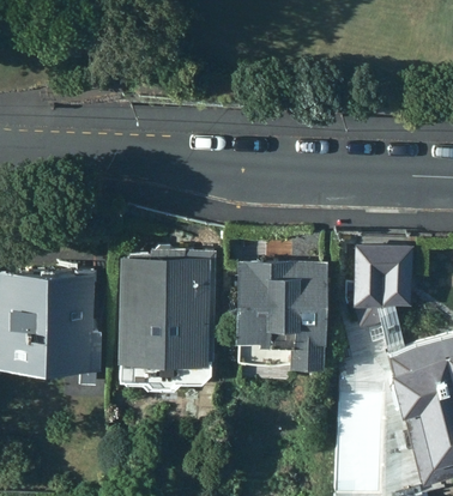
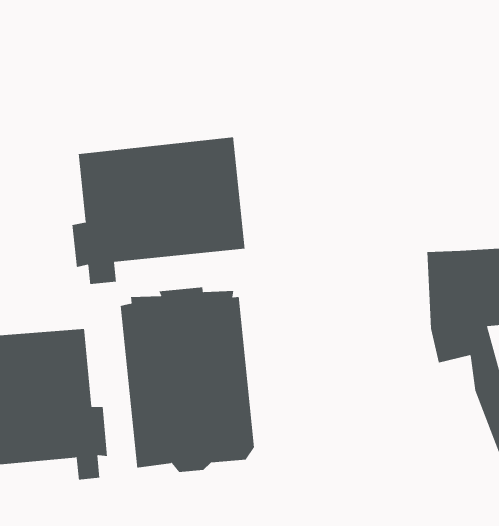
building: none -> [72,136,245,285]
building: [240,267,325,371] -> none

